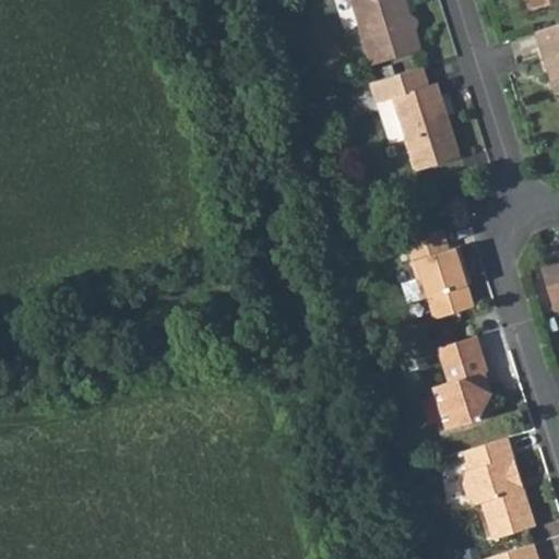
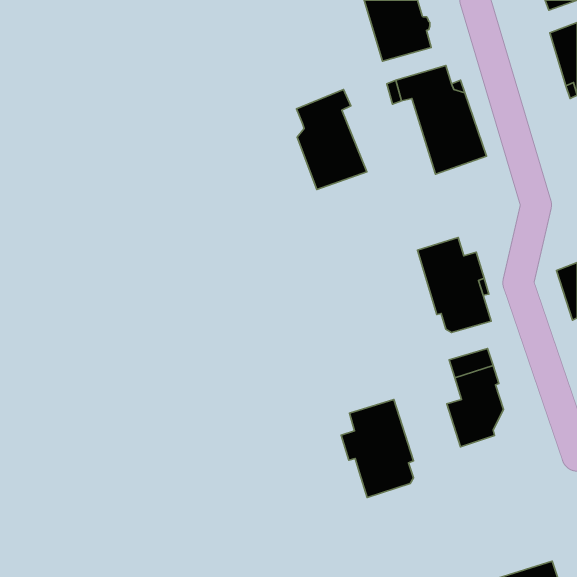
building: none -> [297,90,367,189]
building: none -> [341,399,414,498]
building: [465,437,536,539] -> none

